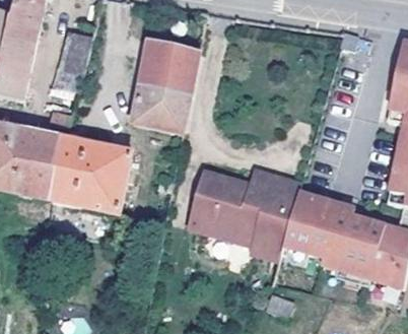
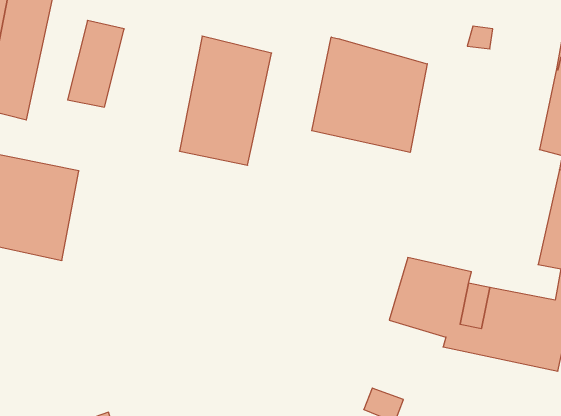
building: none -> [312,37,427,152]
building: [48,136,131,214] -> none
building: [201,178,298,260] -> none

